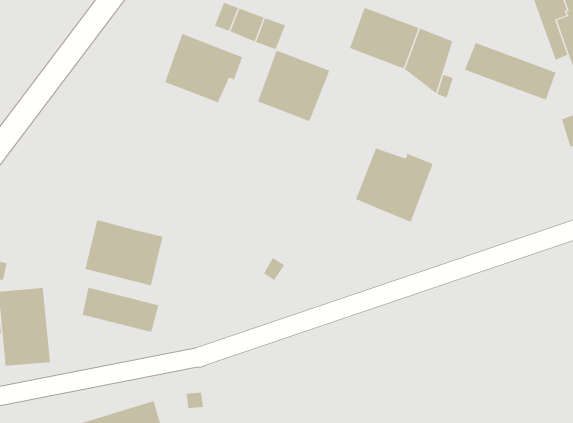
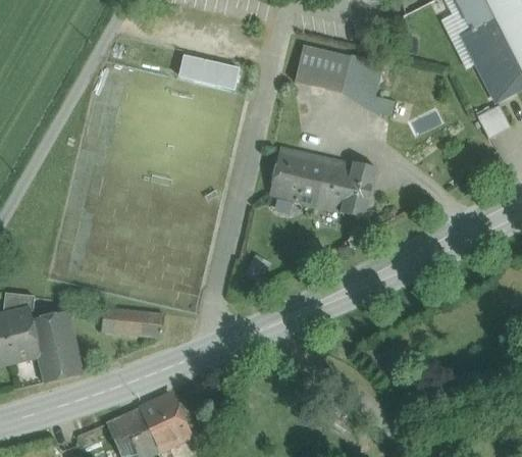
building: [165,33,243,103] -> none
building: [464,42,556,101] -> none
building: [257,50,330,122] -> [270,149,327,205]
building: [85,220,163,286] -> none

